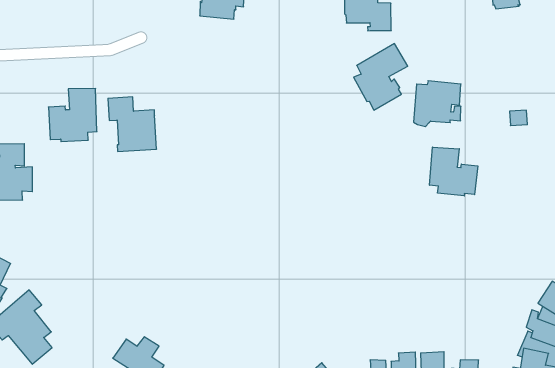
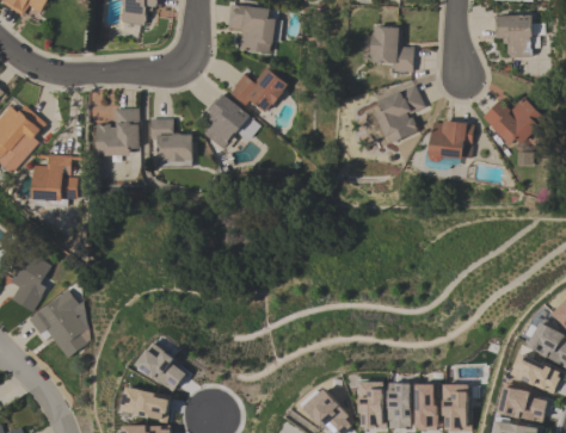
building: none -> [229,67,287,112]
building: none -> [481,98,543,147]
building: none -> [204,94,259,148]
building: [430,147,478,196] -> none

